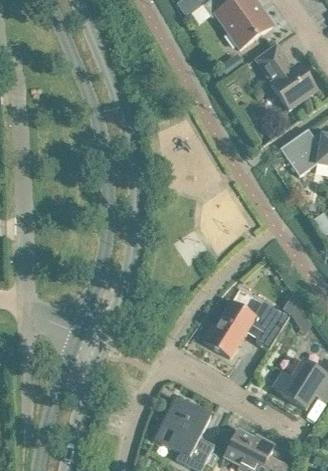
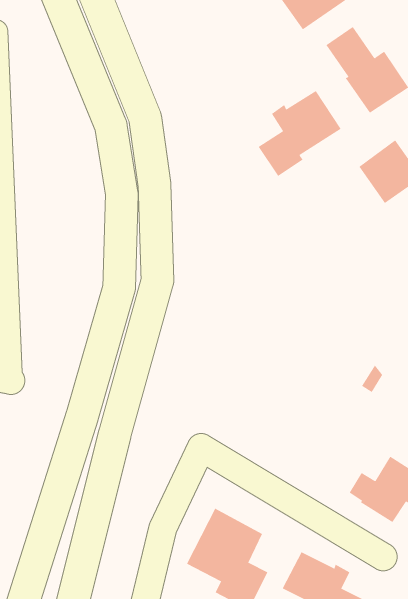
building: none -> [258,90,342,177]
building: [202,300,288,357] -> none

